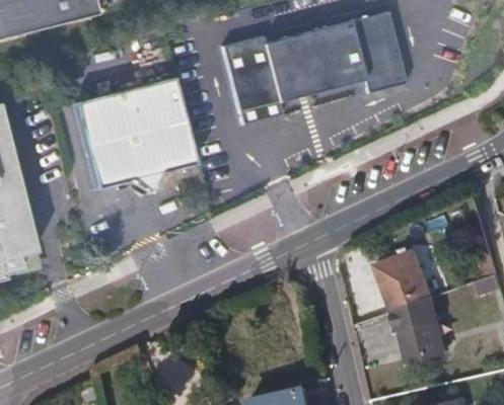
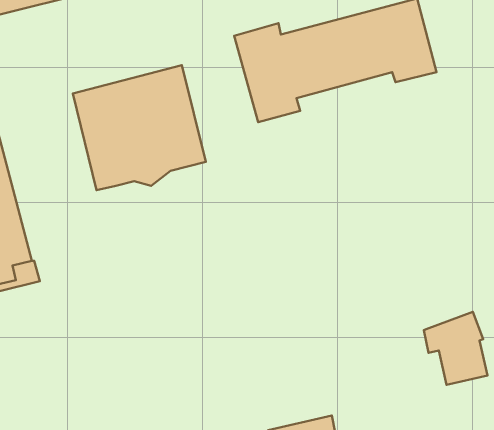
building: [375,248,433,310] -> none

